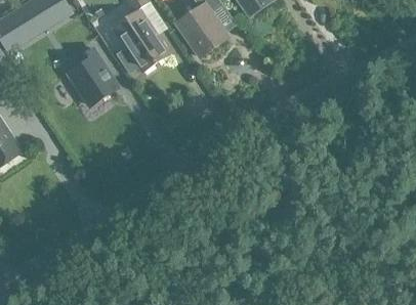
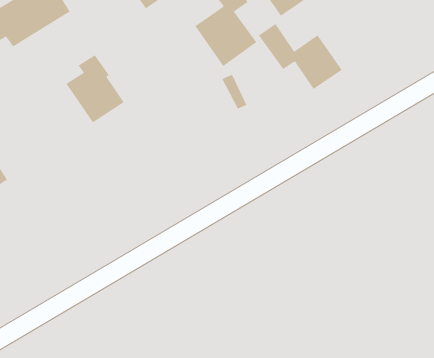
building: [111,12,169,71] -> none
building: none -> [258,23,342,90]

